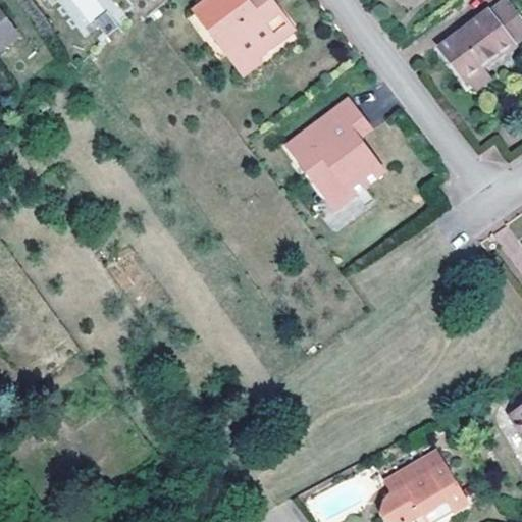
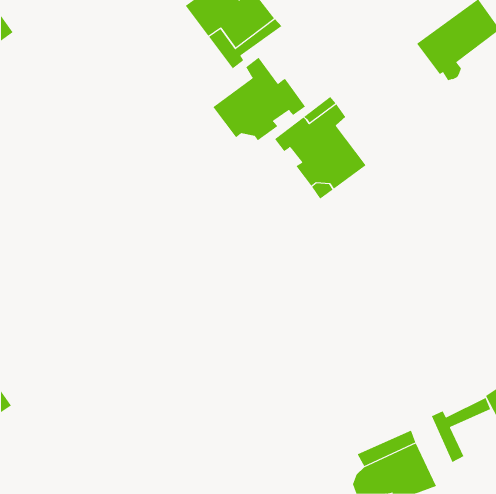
building: none -> [212,57,306,141]
building: none -> [431,397,491,463]

